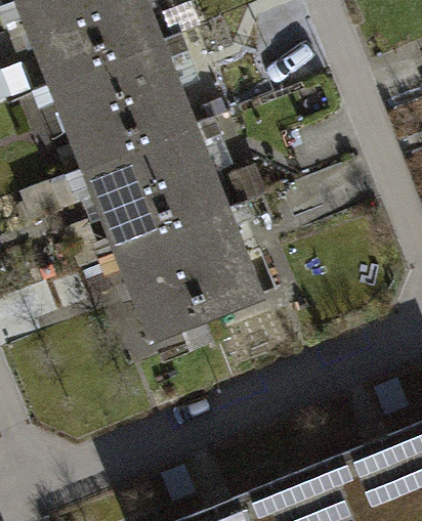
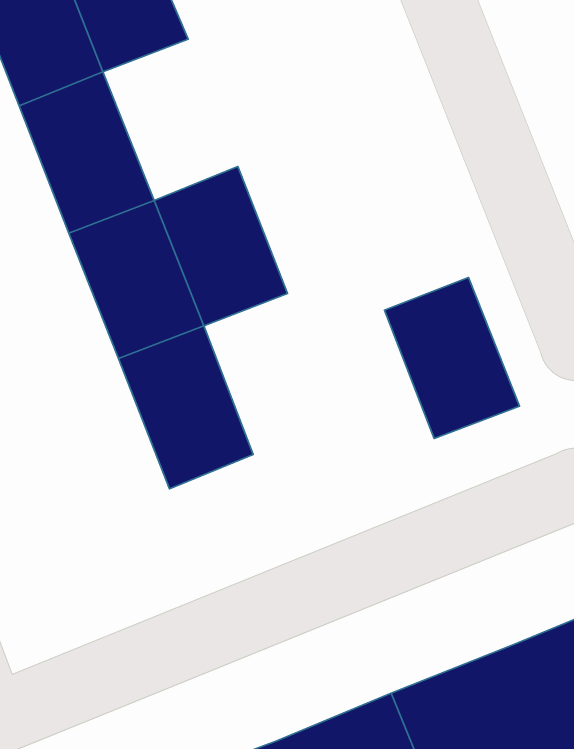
building: [109,48,198,155] -> none
building: [175,216,264,322] -> [385,277,520,439]

